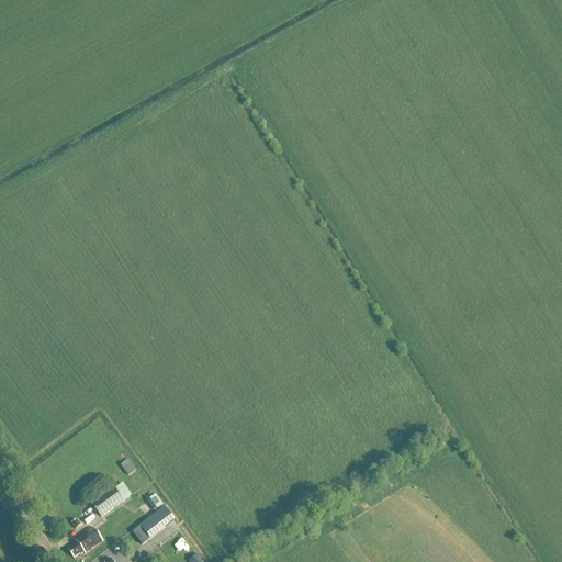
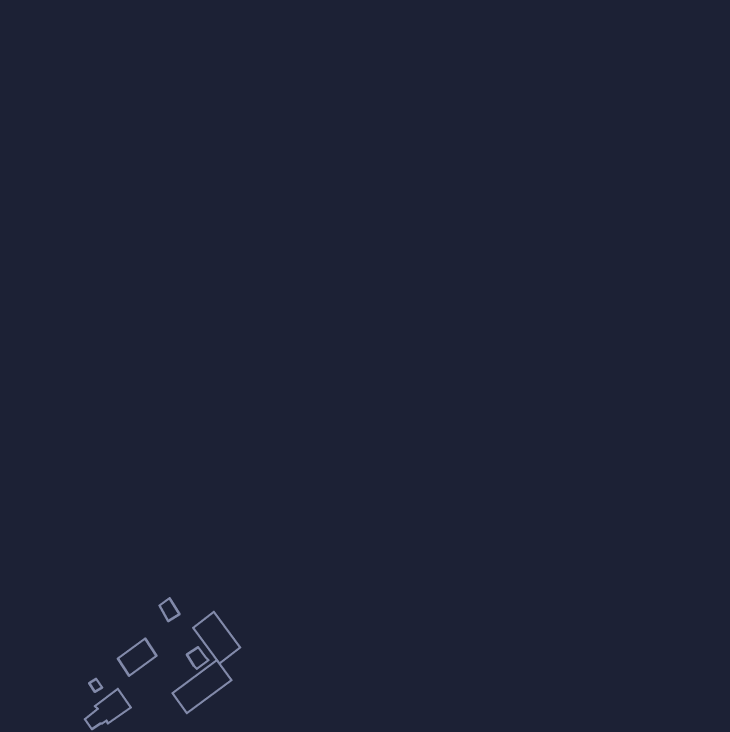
building: none -> [193,612,240,663]

